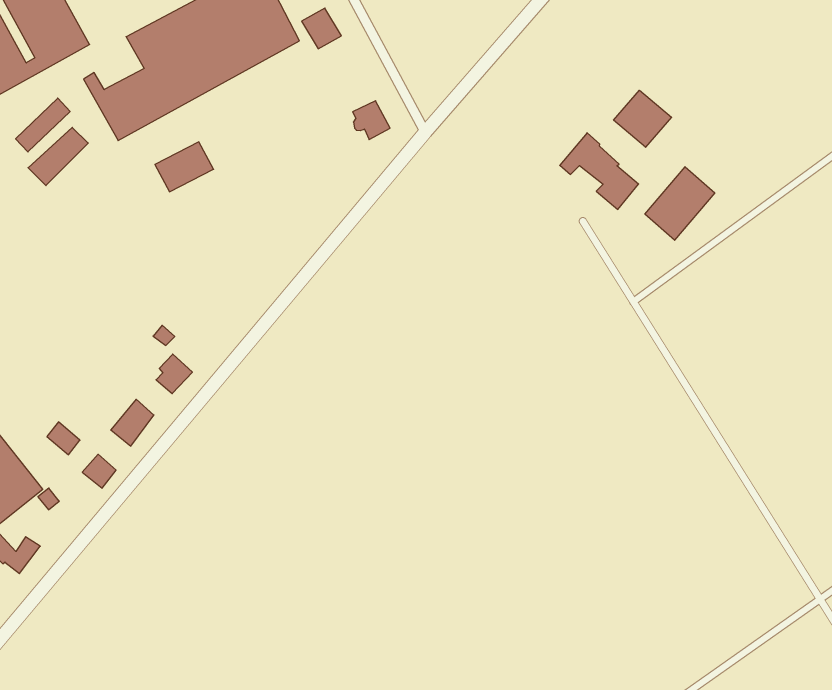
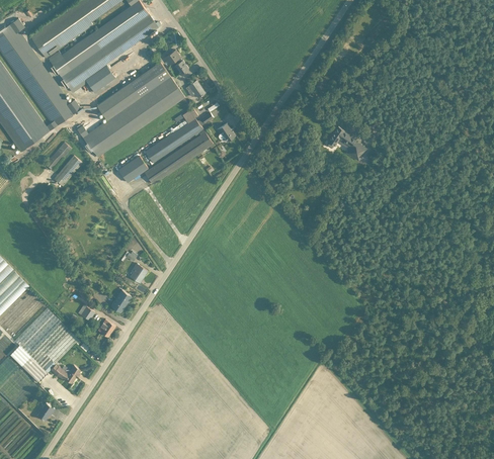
building: none -> [143,111,213,185]
building: [614,90,672,147] -> none
building: [645,167,715,240] -> none

